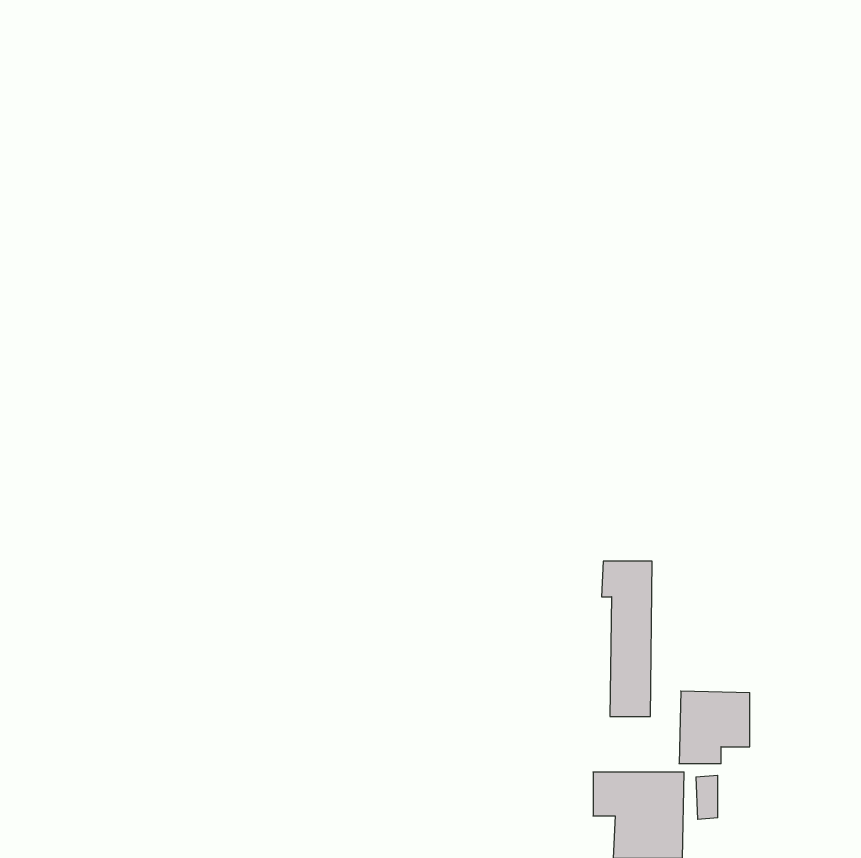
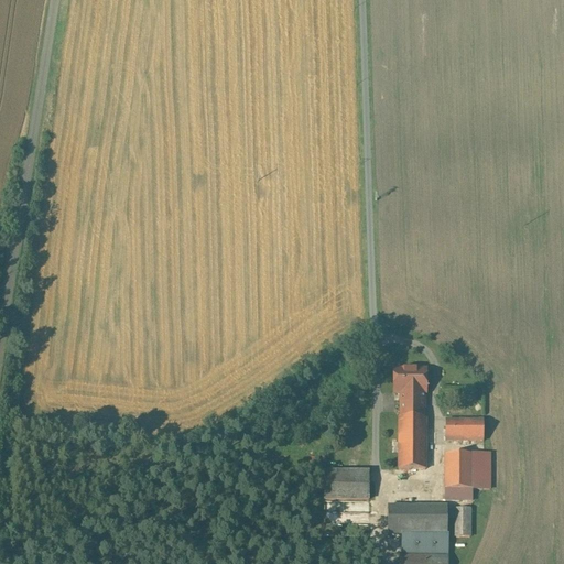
building: none -> [445,417,485,441]
building: none -> [324,469,369,497]

